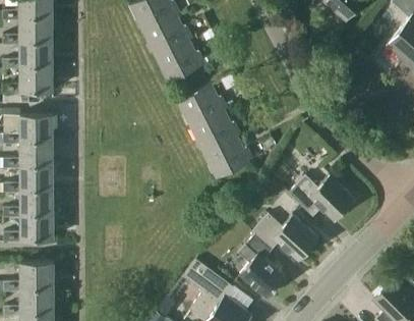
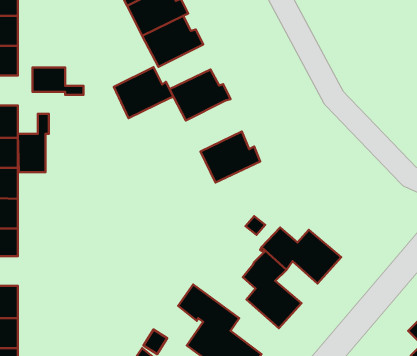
building: none -> [33,67,84,95]
building: [191,110,240,152] -> [114,67,173,118]
building: none -> [18,114,49,172]
building: [290,175,355,221] -> none

